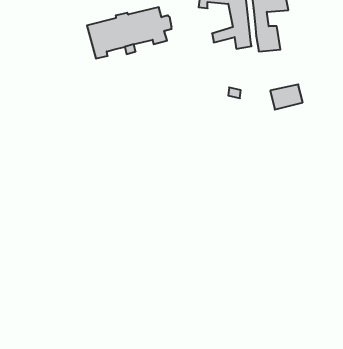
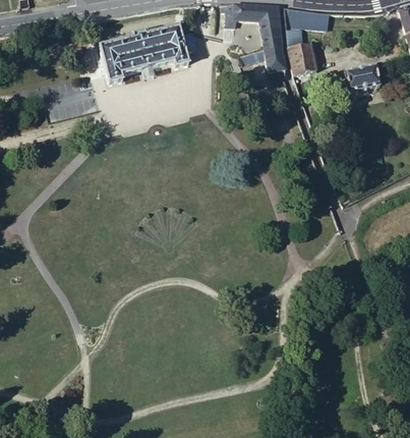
building: [270,84,303,110] -> [345,65,382,94]

